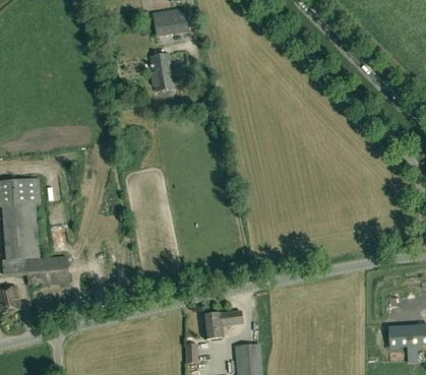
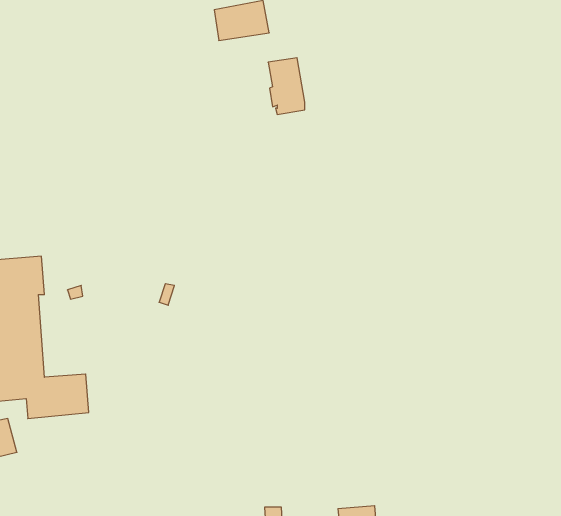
building: [149,53,174,90] -> [268,58,305,114]
building: [202,310,242,340] -> none

